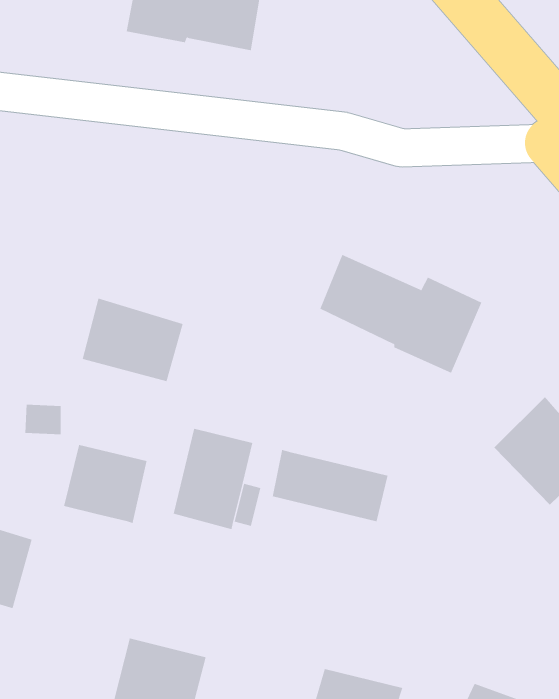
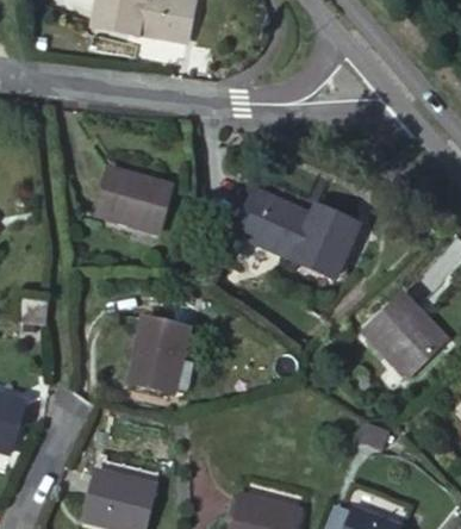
building: [82,298,183,382] -> [96,168,172,230]
building: [64,444,147,524] -> none
building: [272,449,388,522] -> none

